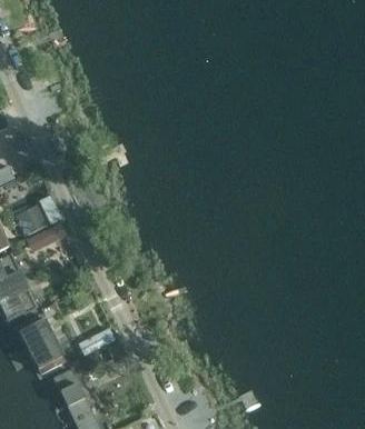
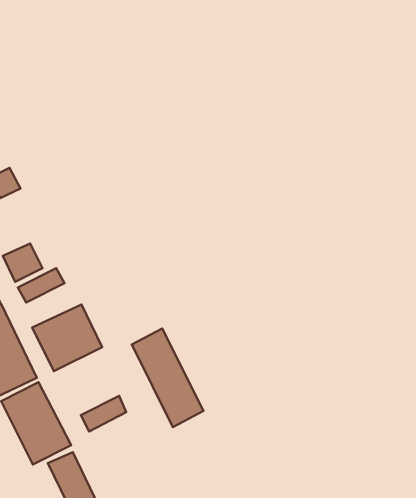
building: none -> [32,305,102,371]
building: none -> [132,328,203,427]

